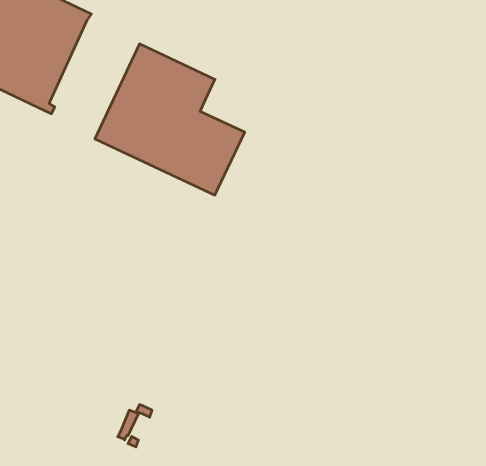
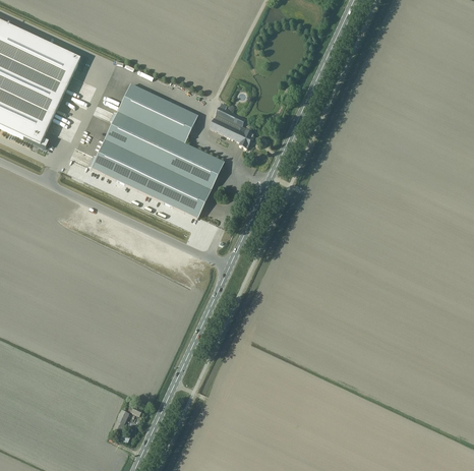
building: none -> [209,106,252,148]

